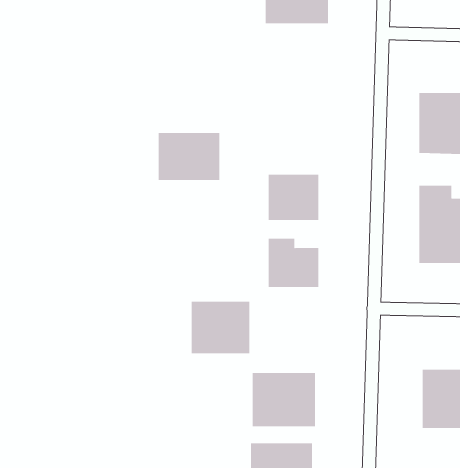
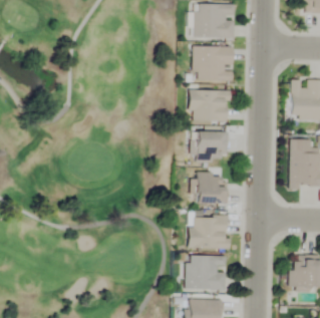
building: none -> [194,47,232,81]
building: [158,132,220,180] -> [190,91,229,121]
building: [191,301,250,354] -> [191,217,228,250]

